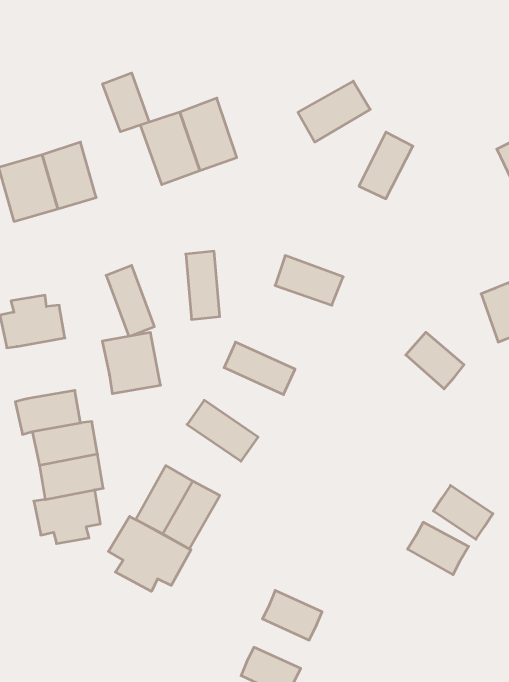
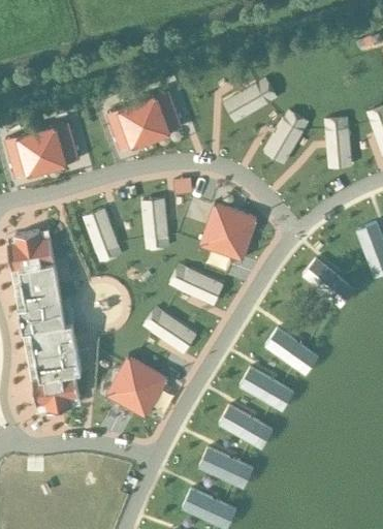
building: [103,73,149,132] -> none
building: none -> [327,119,351,168]
building: none -> [200,225,249,260]
building: [102,333,161,394] -> [20,263,62,308]
building: [433,485,493,539] -> [265,329,309,368]
building: [108,516,191,591] -> none
building: [408,522,469,575] -> [240,368,284,406]
building: none -> [219,405,262,443]

